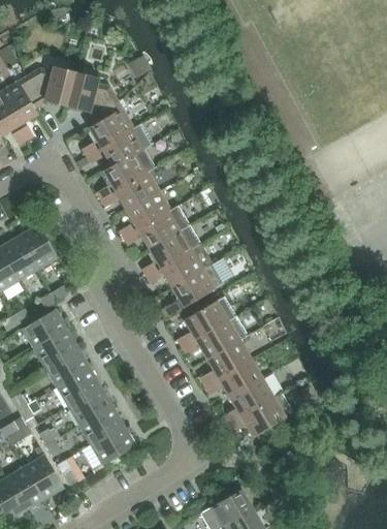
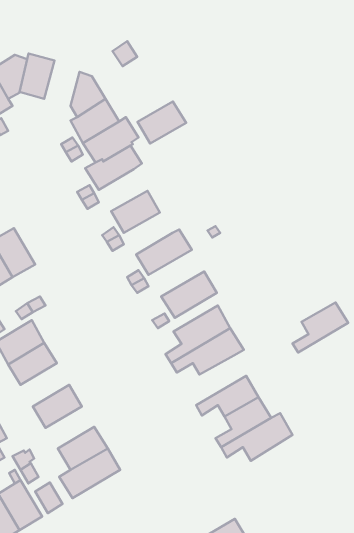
building: [67,72,100,114] -> none
building: [117,172,161,210] -> [138,101,186,143]
building: [139,207,190,249] -> none
building: [162,245,213,287] -> none
building: [200,341,251,386] -> [293,303,348,352]
building: [45,348,90,387] -> none
building: [68,387,112,426] -> none

